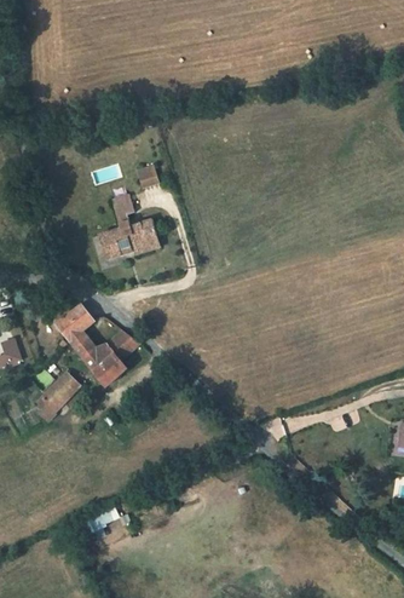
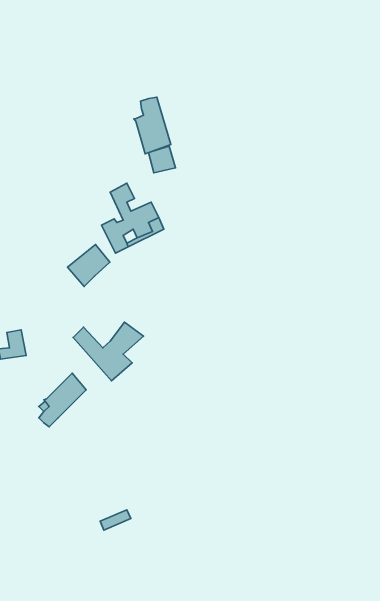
building: none -> [134,97,171,154]
building: [54,303,94,343] -> [68,244,110,286]

